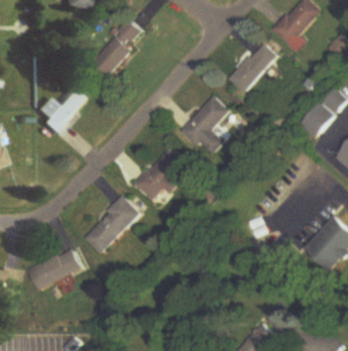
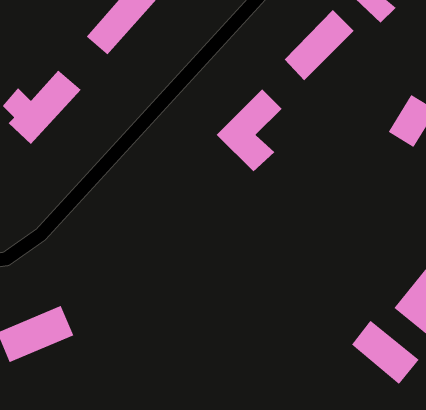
building: [134,146,190,199] -> none
building: [83,196,139,253] -> none
building: none -> [351,320,419,385]

